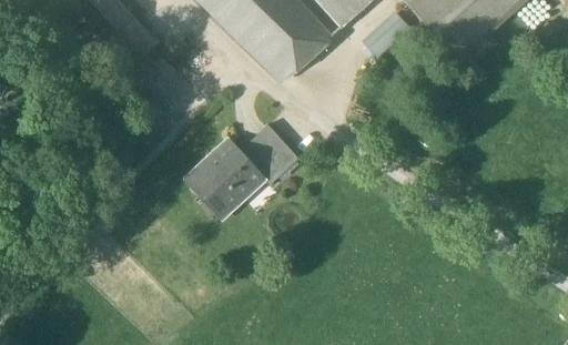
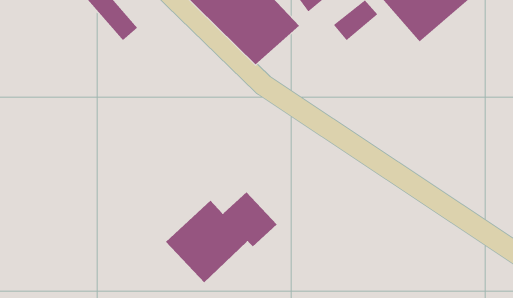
building: [182,124,303,223] -> [165,192,277,283]

